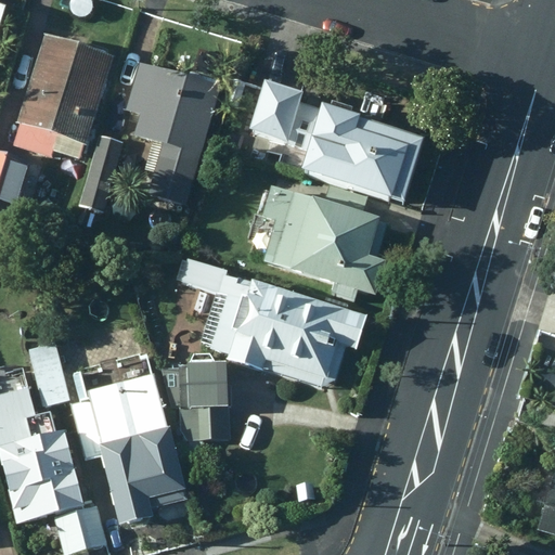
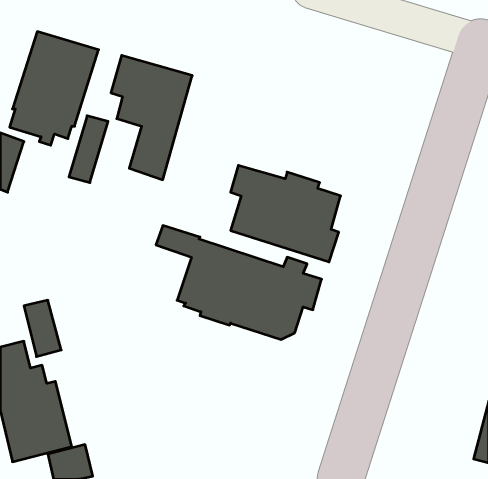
building: [248,79,420,201] -> none
building: [170,353,231,437] -> none
building: [67,374,188,527] -> none

